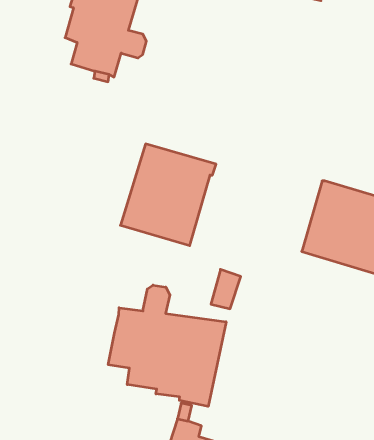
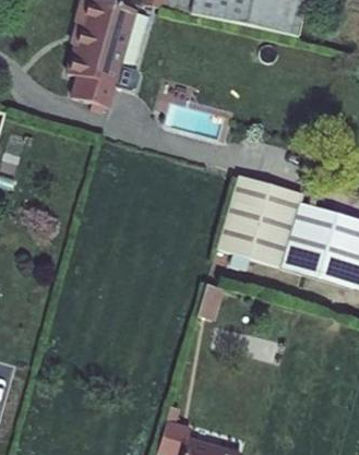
building: [120,144,216,246] -> [218,173,306,266]
building: [108,285,226,406] -> none

